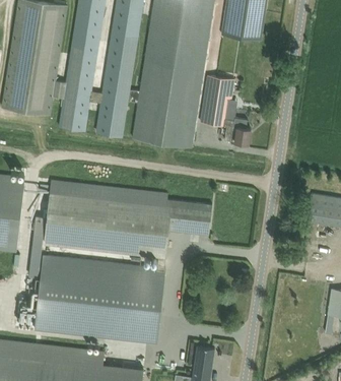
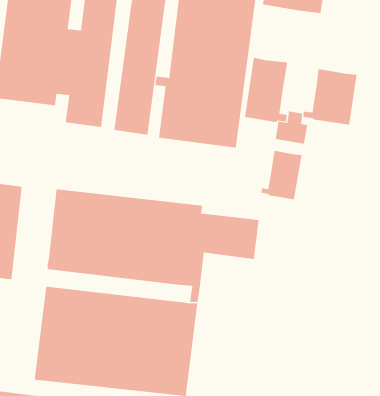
building: none -> [303,68,357,125]
building: none -> [261,150,302,200]

